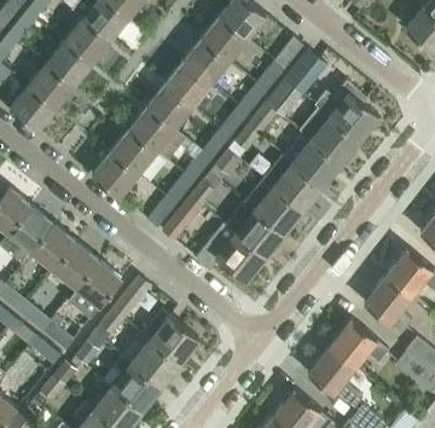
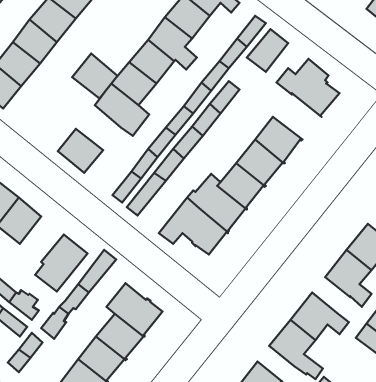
building: [266,80,303,118] -> none
building: [311,116,360,163] -> none
building: [110,128,156,174] -> [72,53,117,99]
building: [53,242,98,288] -> none

